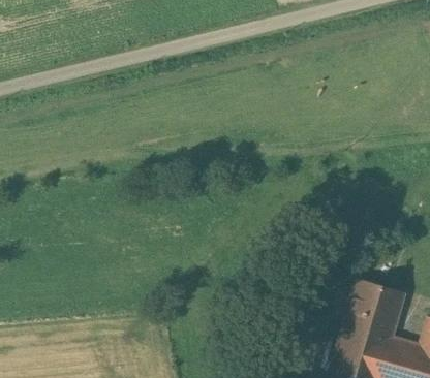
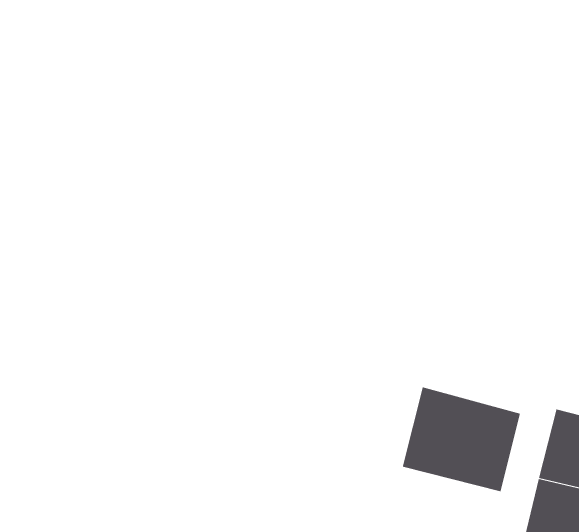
building: none -> [402,386,520,492]

